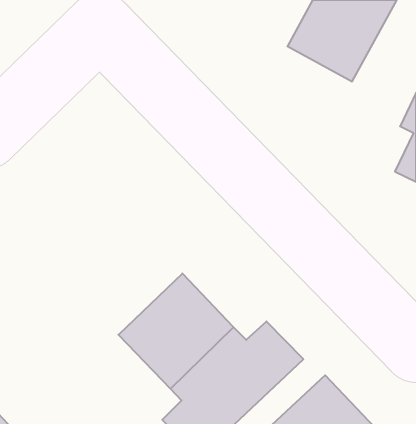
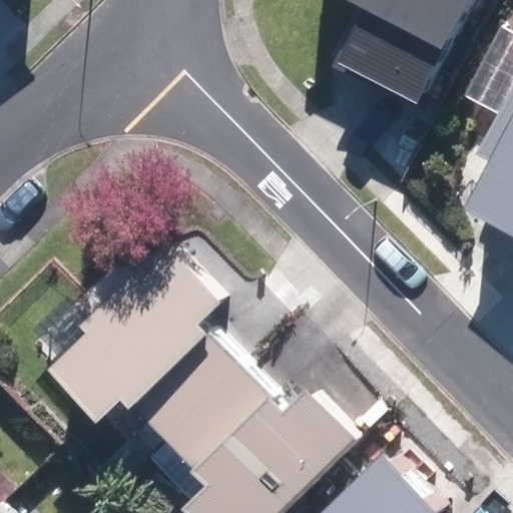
building: none -> [57,249,229,420]

